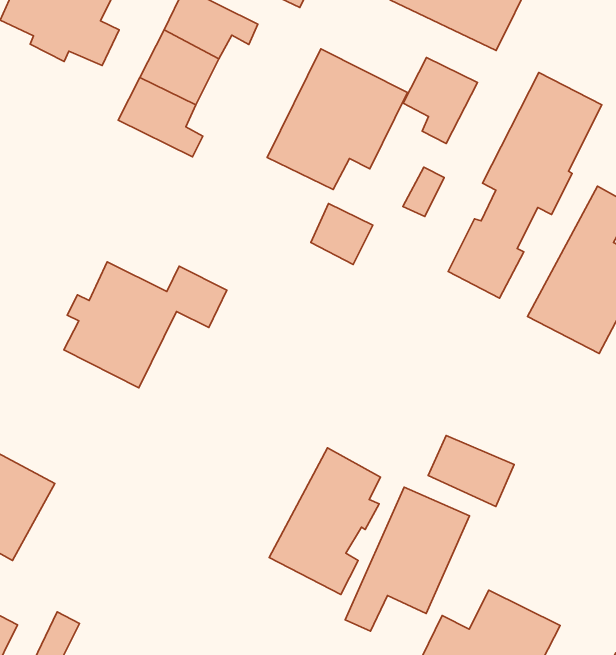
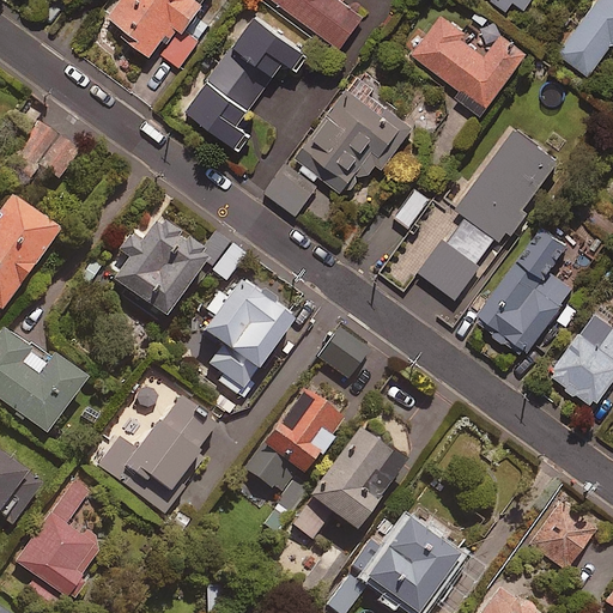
building: [403,57,477,143] -> none
building: [311,204,373,264] -> [266,163,316,213]
building: none -> [201,278,292,397]
building: none -> [317,327,368,377]
building: [428,436,514,506] -> none
building: none -> [93,390,218,514]

